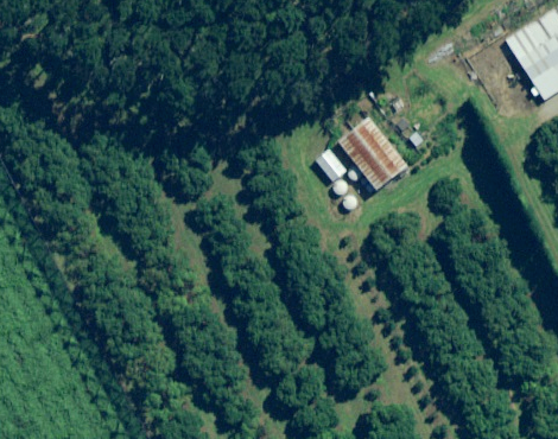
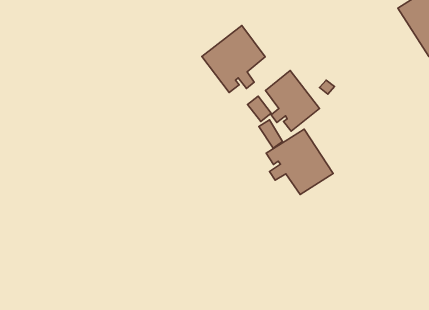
building: none -> [202,26,265,92]
building: none -> [266,129,333,194]

